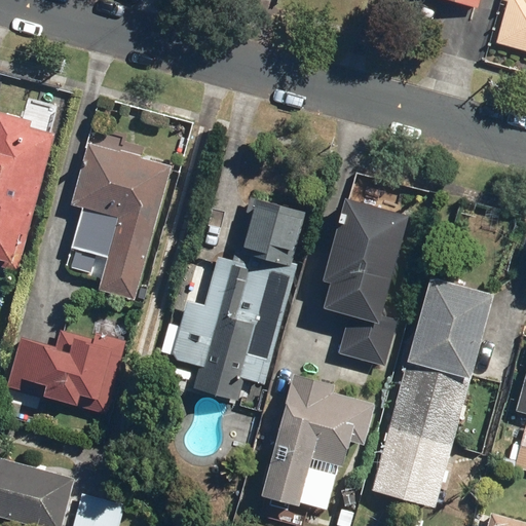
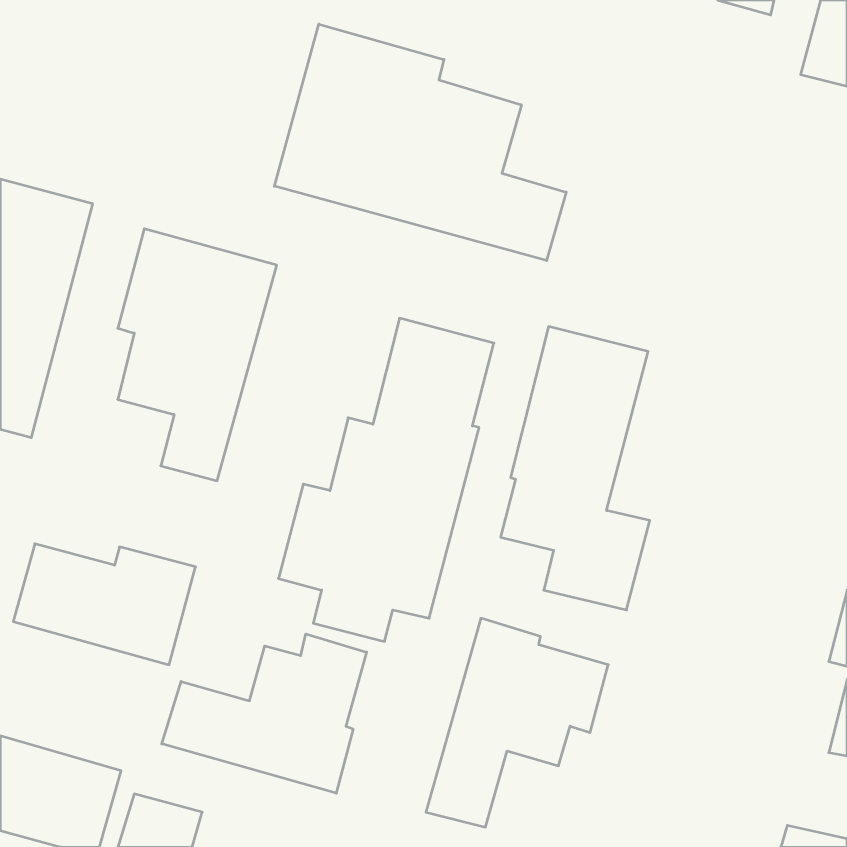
building: none -> [274,24,566,261]
building: [371,277,492,505] -> none
building: none -> [162,634,367,793]

